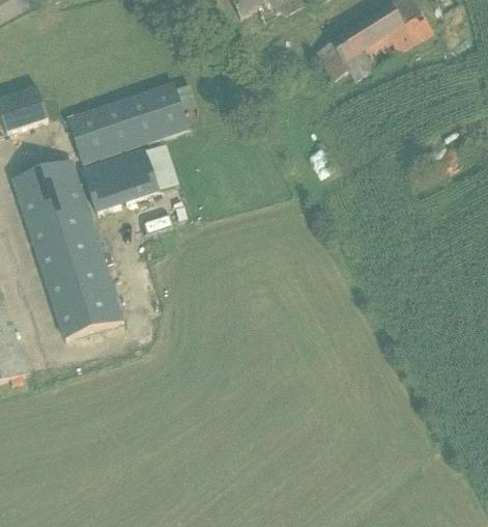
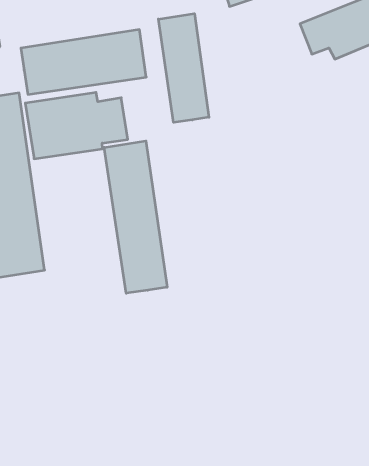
building: none -> [158,14,209,122]
building: none -> [104,141,167,293]

